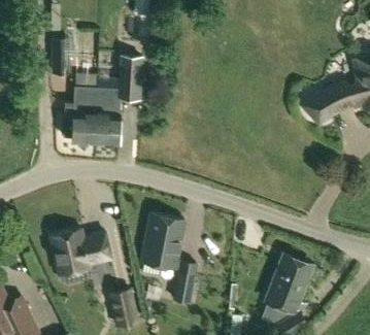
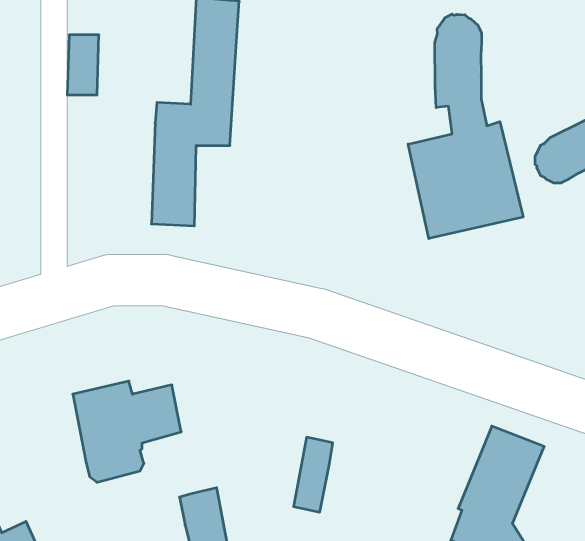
building: none -> [408,14,523,239]
building: [60,86,98,142] -> none
building: [142,212,184,267] -> none

